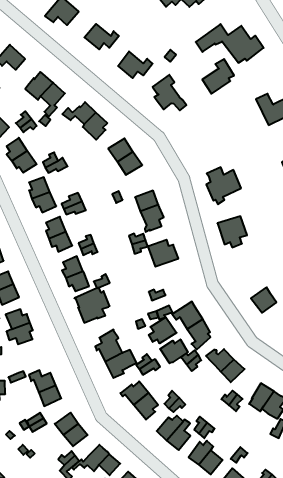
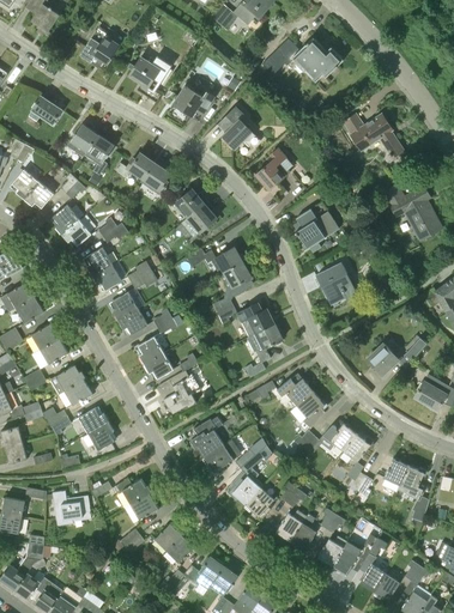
building: [202,59,234,94] -> [256,147,293,190]
building: none -> [247,323,283,352]
building: [149,317,177,343] -> none
building: [160,339,188,363] -> none

